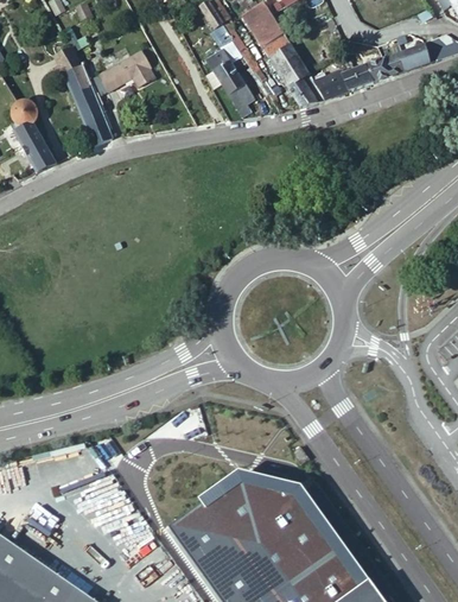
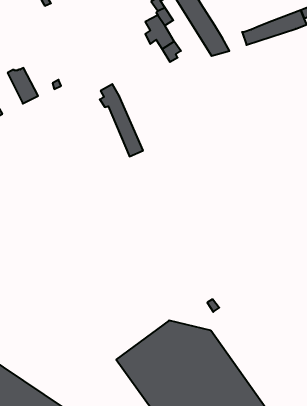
building: [53,46,114,147] -> [100,84,143,156]
building: [100,51,154,91] -> none
building: [312,68,348,100] -> none
building: [13,101,39,127] -> none

